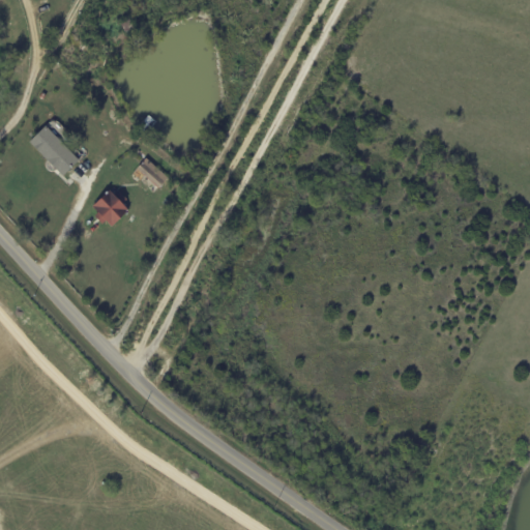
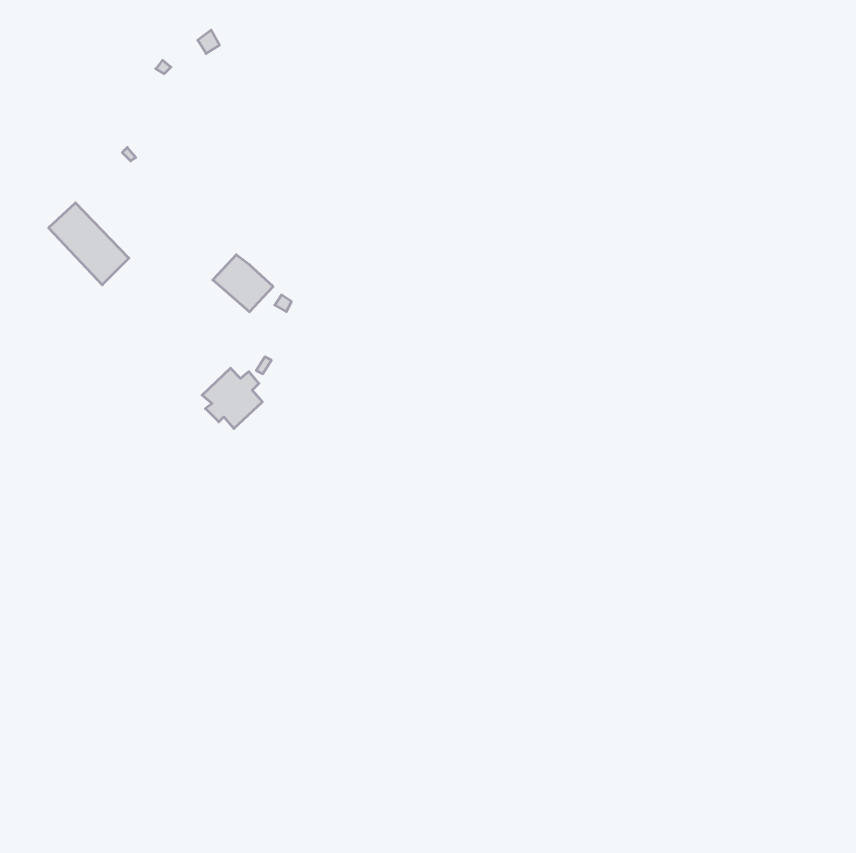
building: [92,189,129,227] -> [202,368,262,429]

